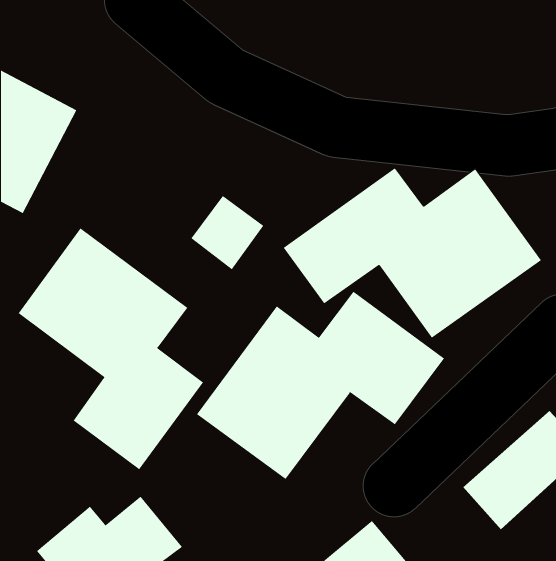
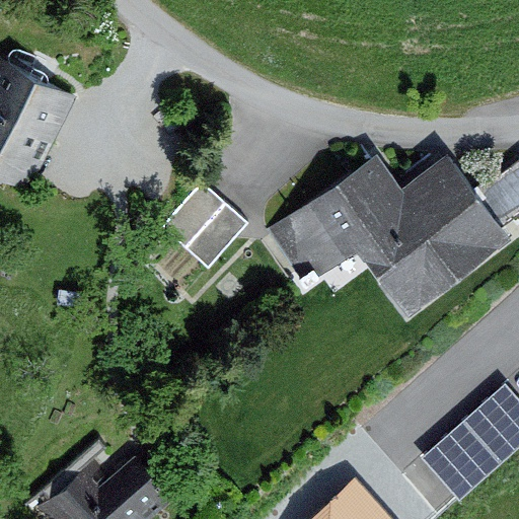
building: [18,227,204,470] -> none
building: [196,291,445,480] -> none

